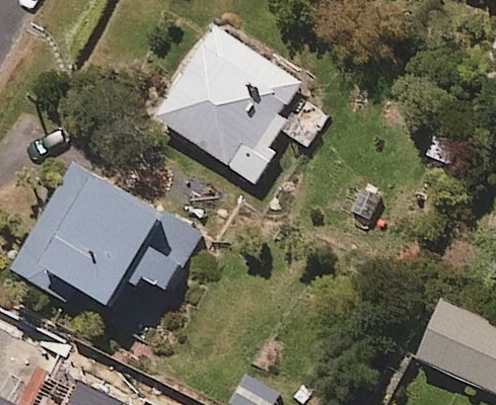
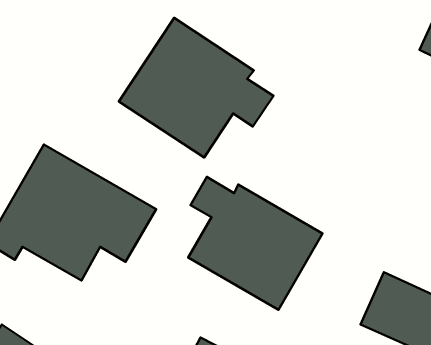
building: none -> [188,177,322,310]

